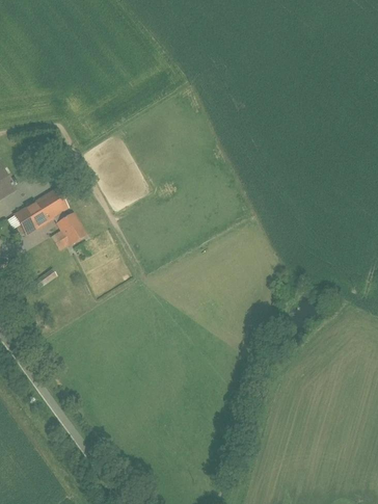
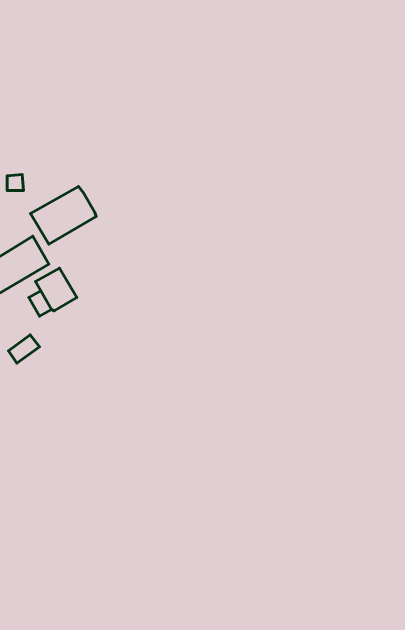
building: none -> [30,186,96,244]

